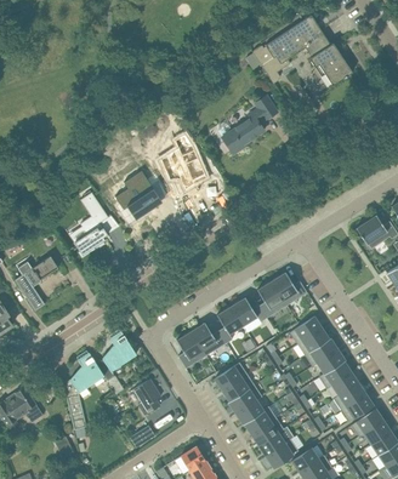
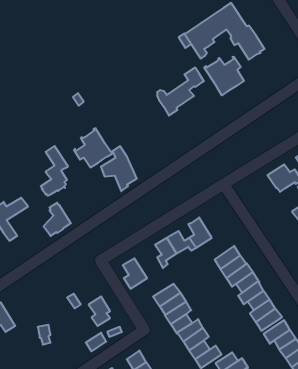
building: none -> [204,57,244,95]
building: [160,133,205,189] -> [101,146,137,191]
building: [271,272,307,306] -> none
building: [191,321,226,355] -> none
building: [102,329,136,370] -> [44,203,71,236]
building: [69,349,104,392] -> none

